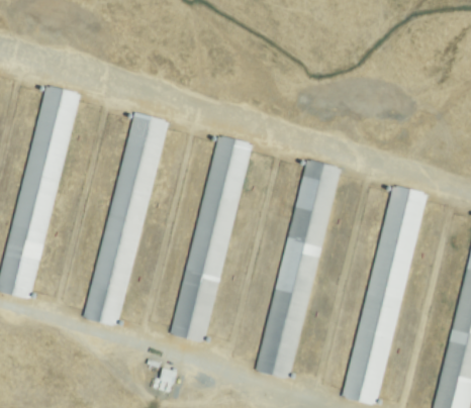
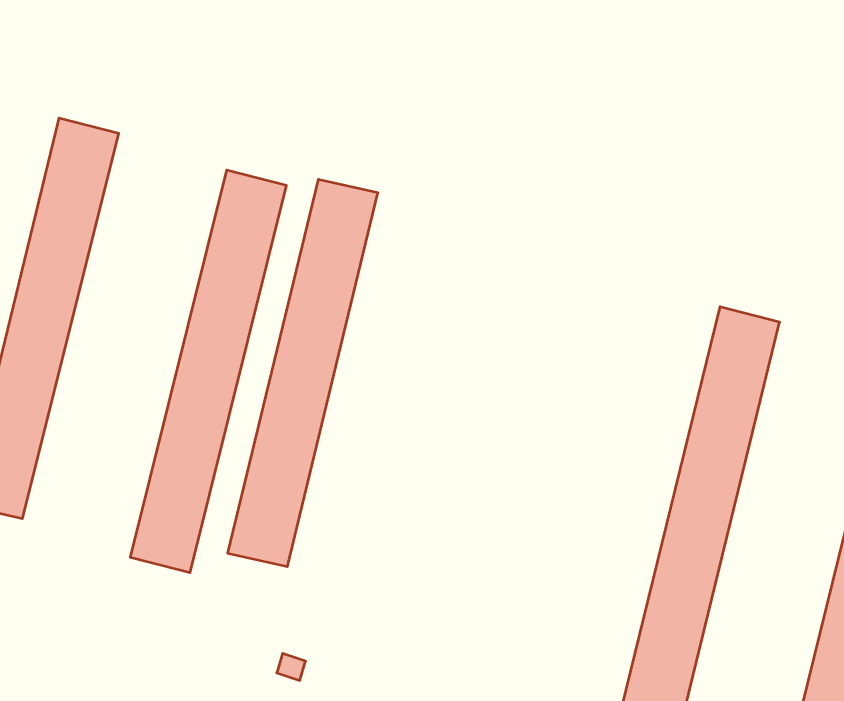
building: [171,137,250,340] -> [228,179,378,567]
building: [256,161,339,378] -> none

